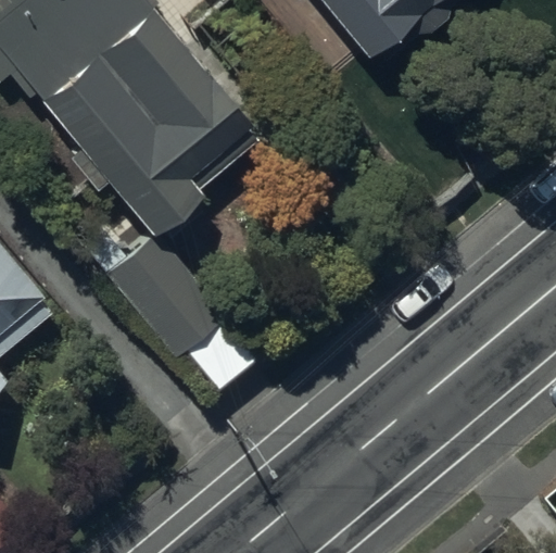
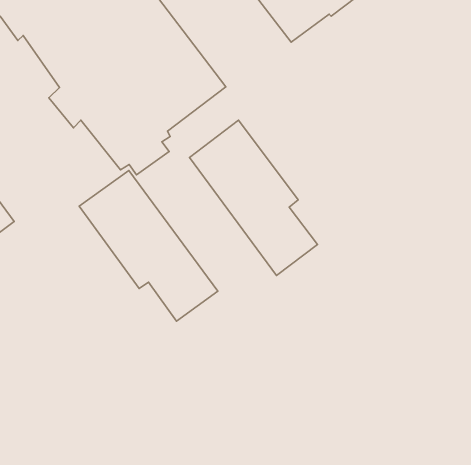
building: none -> [189,120,318,275]

